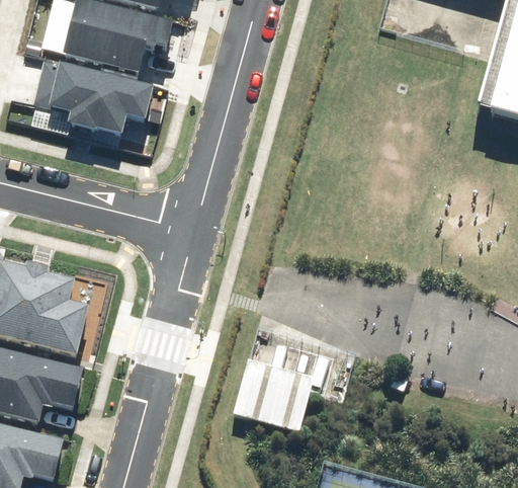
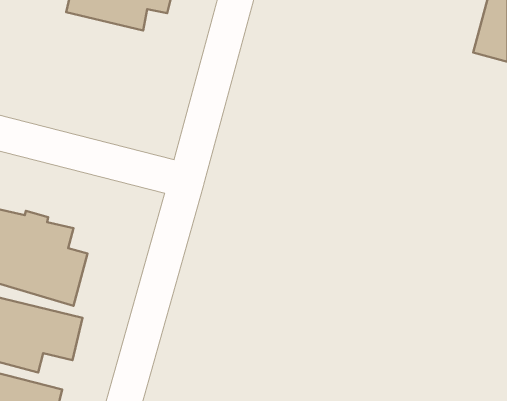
building: [30,57,155,135] -> none
building: [232,360,312,430] -> none

